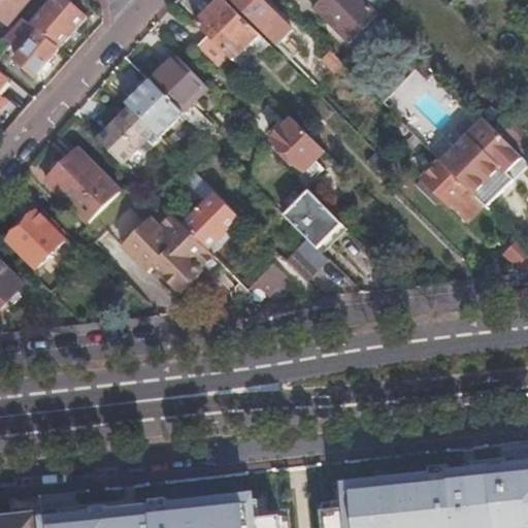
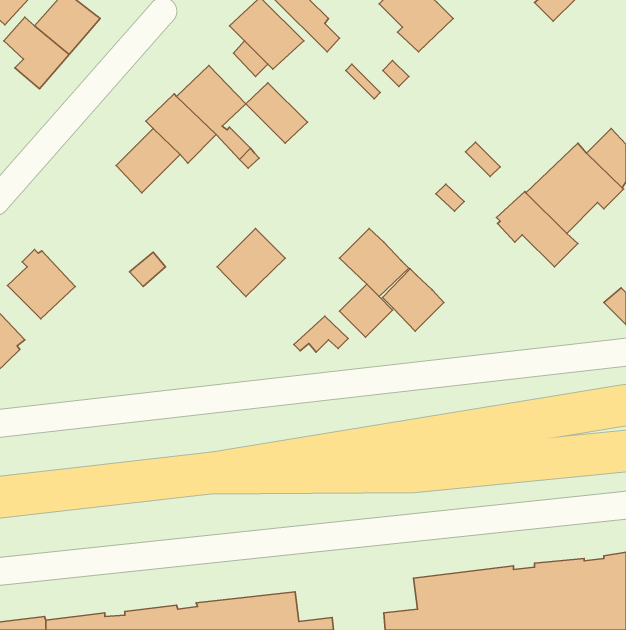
building: [270,119,322,169] -> [246,83,307,143]
building: [46,150,119,222] -> none
building: [123,213,211,291] -> none
building: none -> [383,269,444,331]

